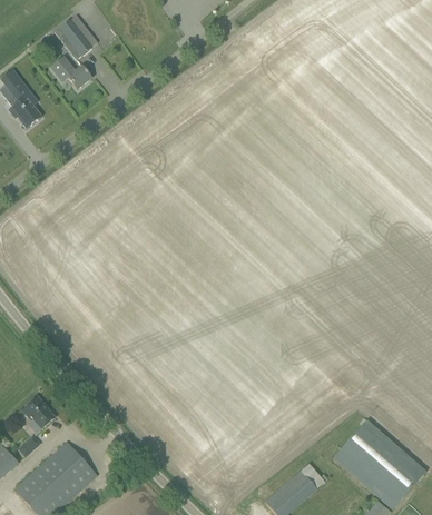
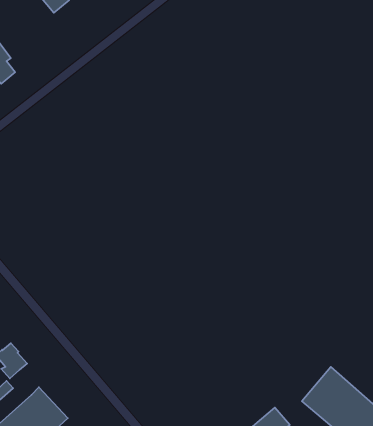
building: [51,56,91,89] -> none

